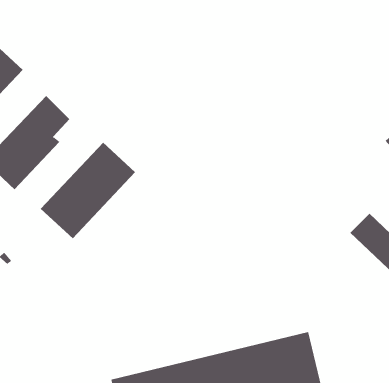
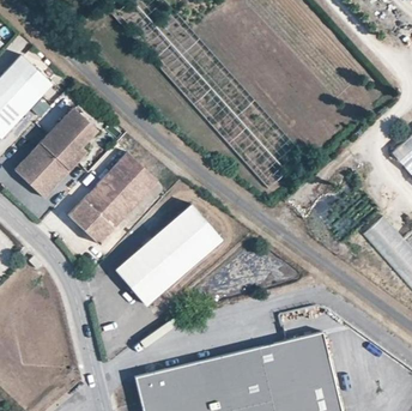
building: none -> [119,207,224,308]

